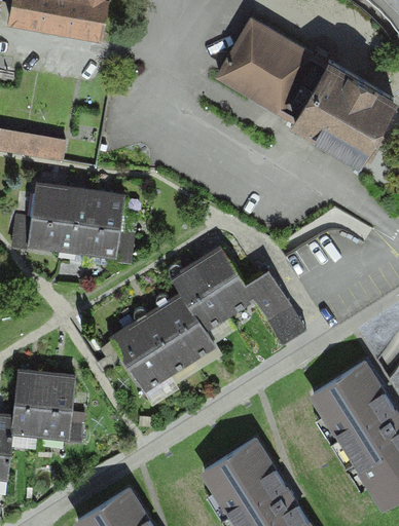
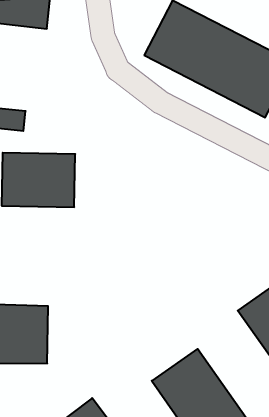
building: [109,250,309,391] -> none

